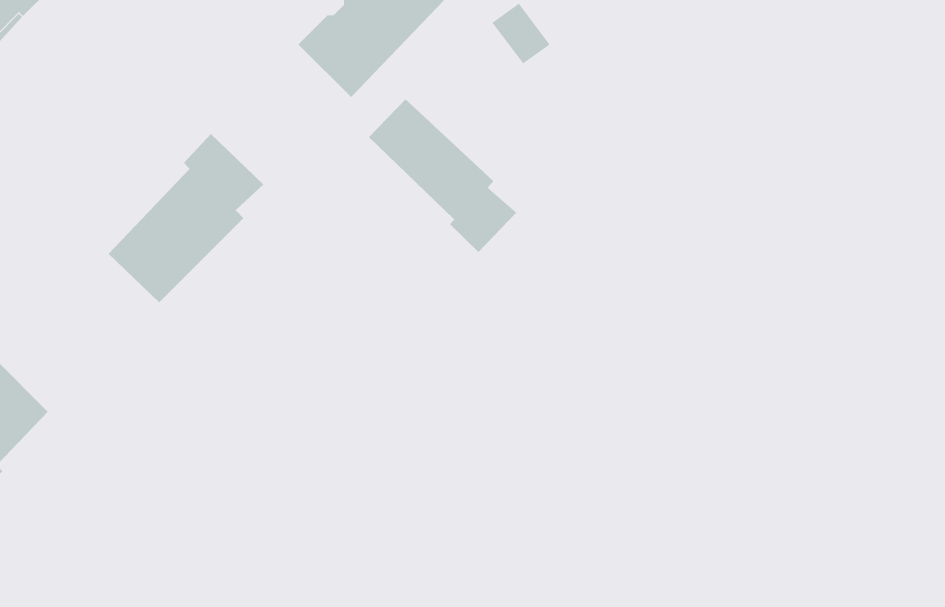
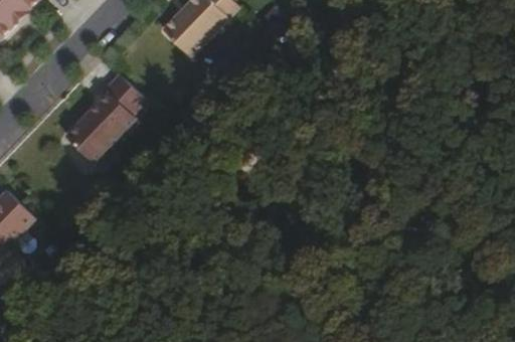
building: [368,98,517,253] -> none

